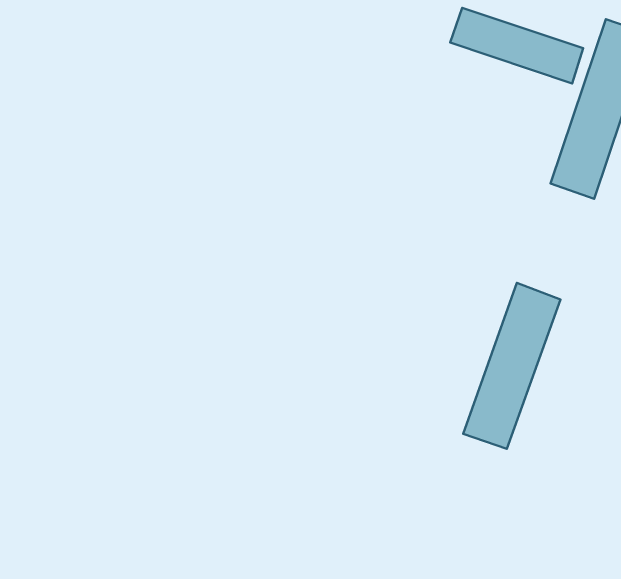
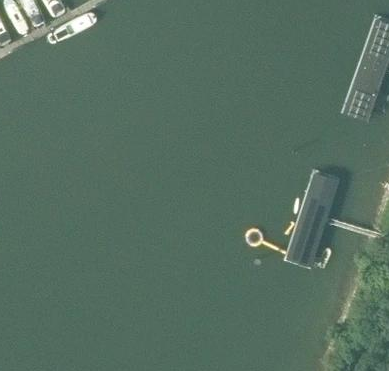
building: [450,8,583,83] -> none

